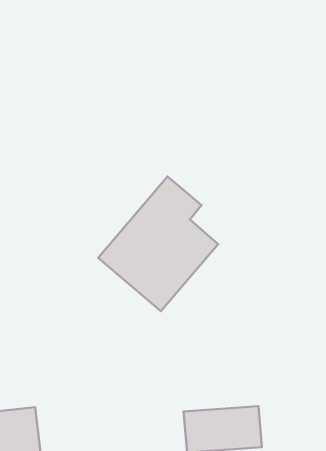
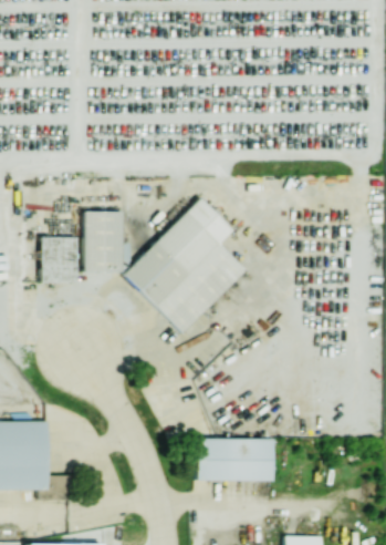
building: none -> [85,210,132,272]
building: none -> [42,237,79,282]

